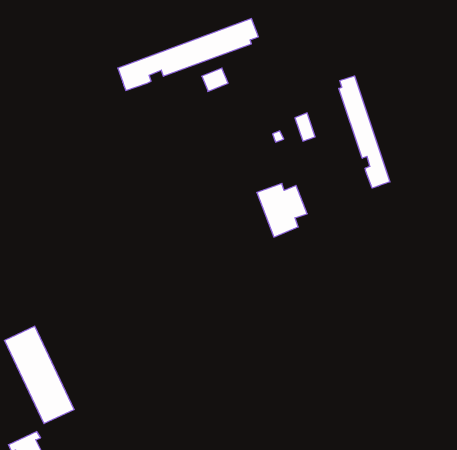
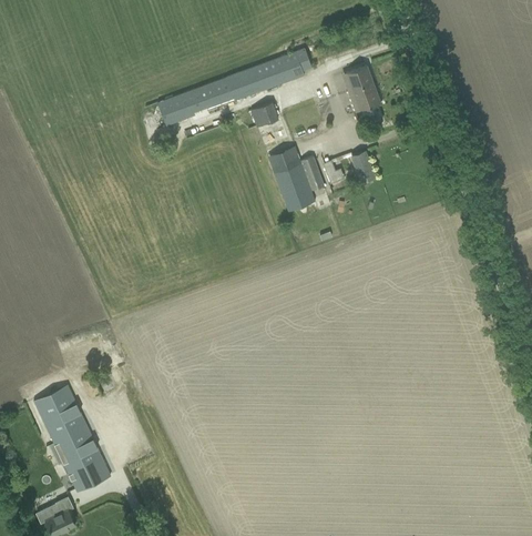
building: none -> [346,65,381,113]
building: [339,76,390,188] -> none
building: [257,183,307,237] -> [269,153,325,212]

